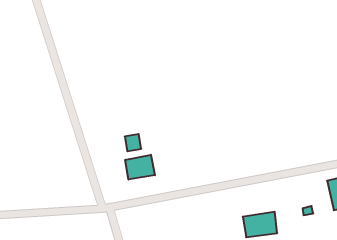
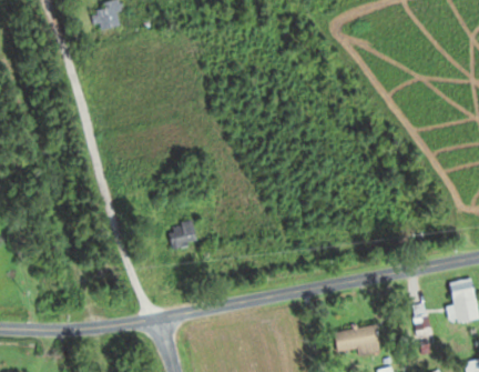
building: [125,155,155,180] -> none

